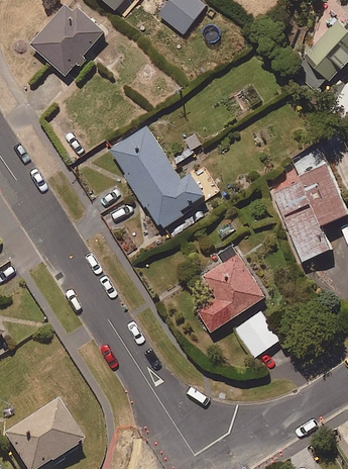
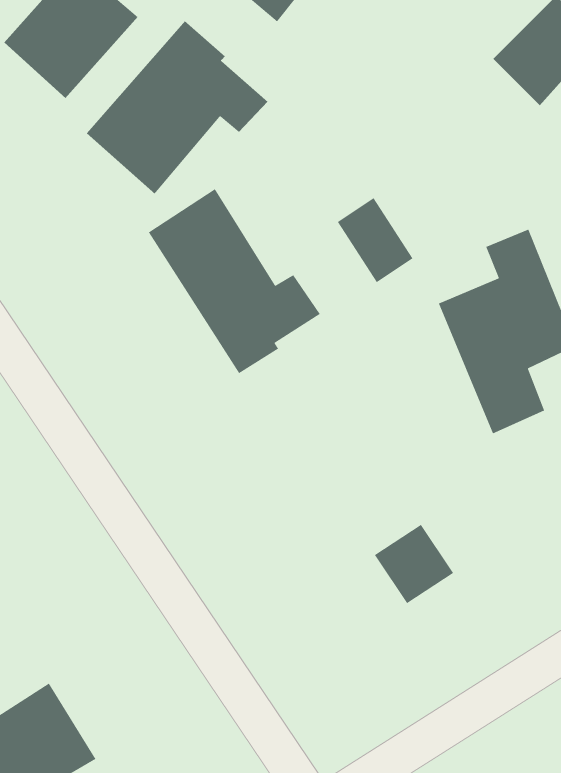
building: none -> [86,20,268,194]
building: none -> [337,197,413,283]
building: [197,244,266,332] -> none

